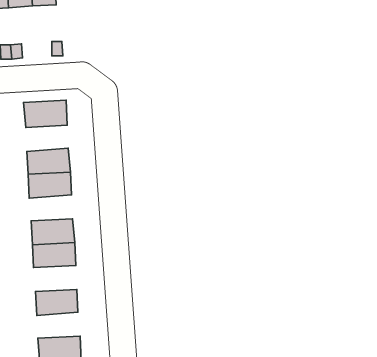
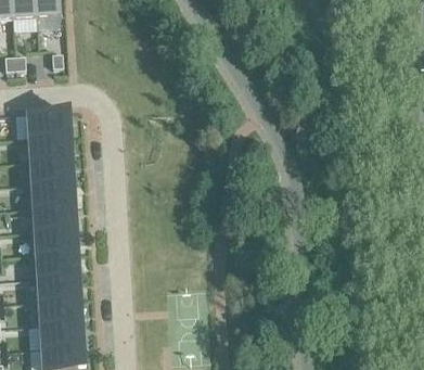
building: none -> [28,136,70,162]
building: none -> [31,205,75,231]
building: none -> [36,276,79,302]
building: none -> [39,322,82,348]

